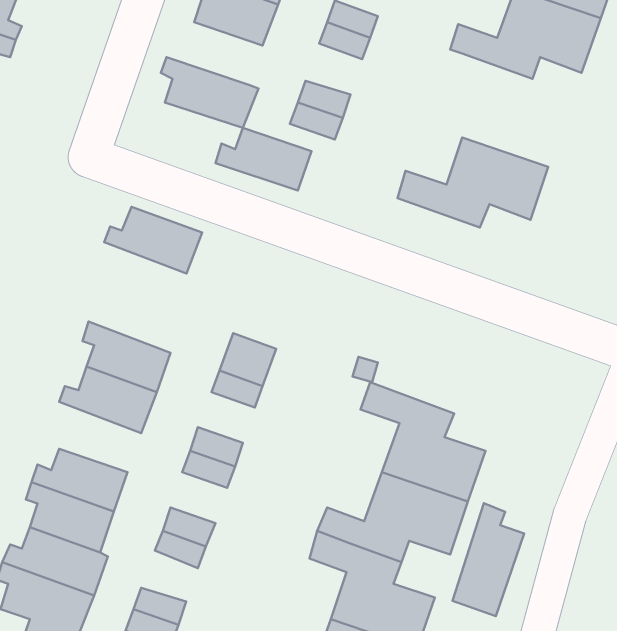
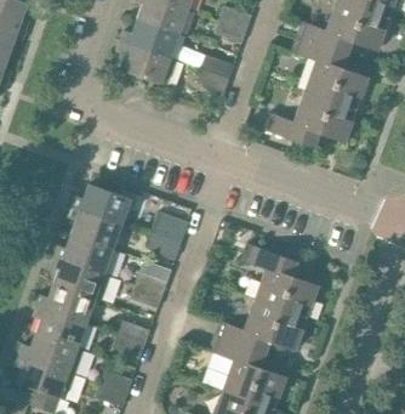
building: none -> [290,36,367,109]
building: [216,128,311,190] -> [120,19,179,58]
building: [104,207,202,273] -> [72,183,132,225]
building: none -> [50,255,110,301]
building: [452,503,524,616] -> none

